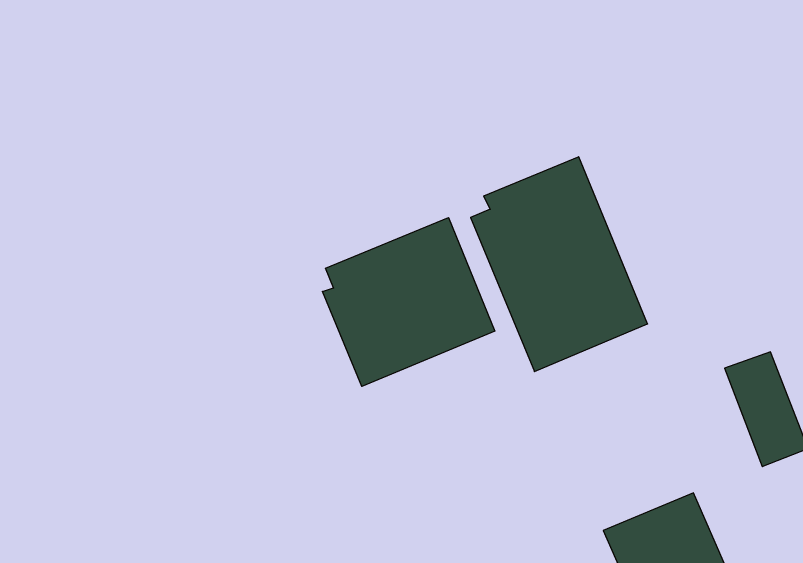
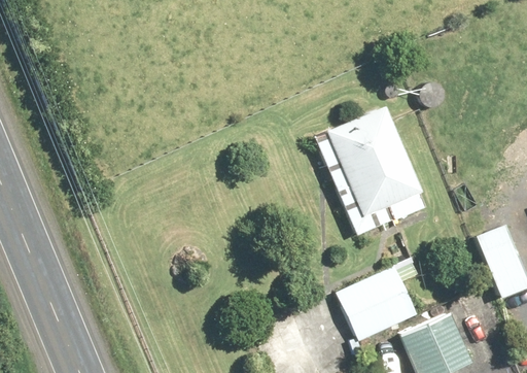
building: [322,218,495,386] -> none
building: none -> [336,266,422,341]

